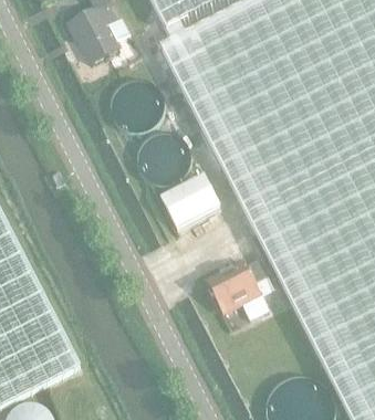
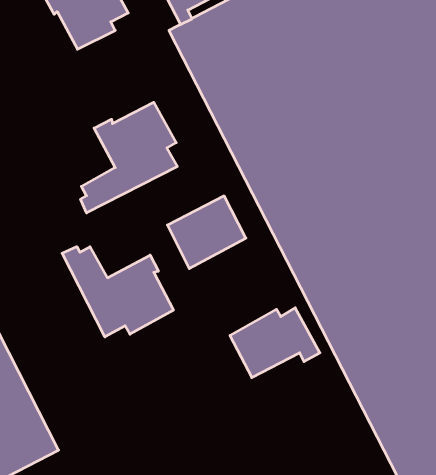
building: none -> [81,102,177,213]
building: none -> [62,247,173,337]

